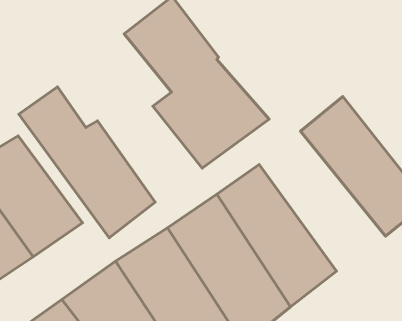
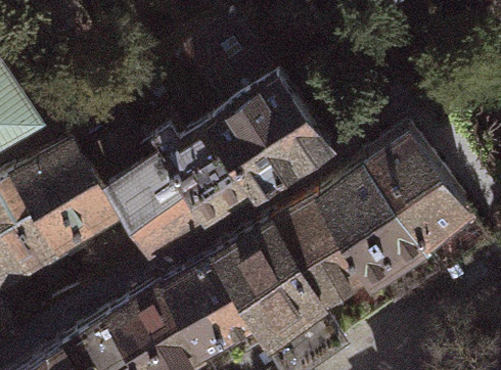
building: none -> [143,126,248,225]
building: none -> [308,161,434,309]

